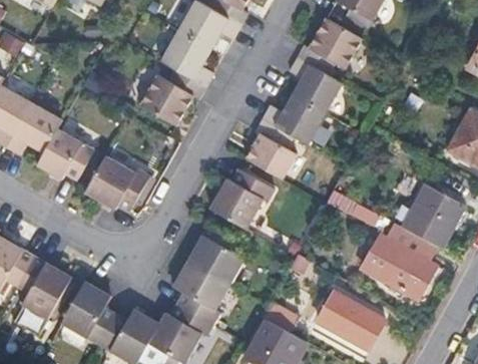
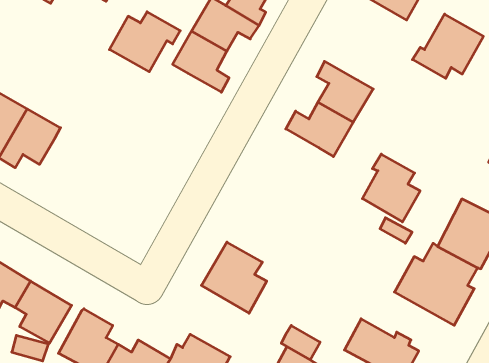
building: [298,18,362,76] -> [412,14,483,78]
building: [140,70,204,124] -> [109,12,180,72]
building: [246,120,298,181] -> [362,154,420,222]
building: [34,128,90,178] -> none
building: [82,154,147,211] -> none
building: [209,169,277,232] -> none
building: [172,262,229,326] -> none

